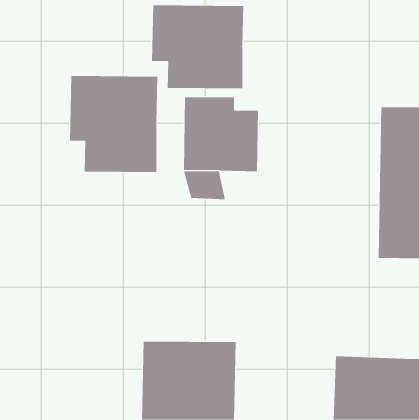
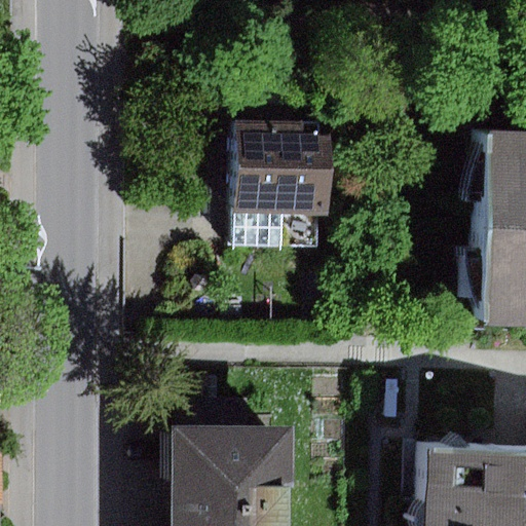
building: [152,4,244,89] -> none
building: [69,75,158,173] -> none

